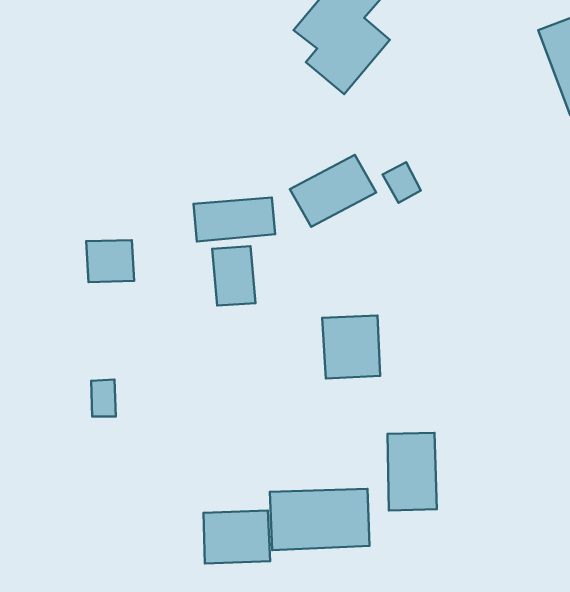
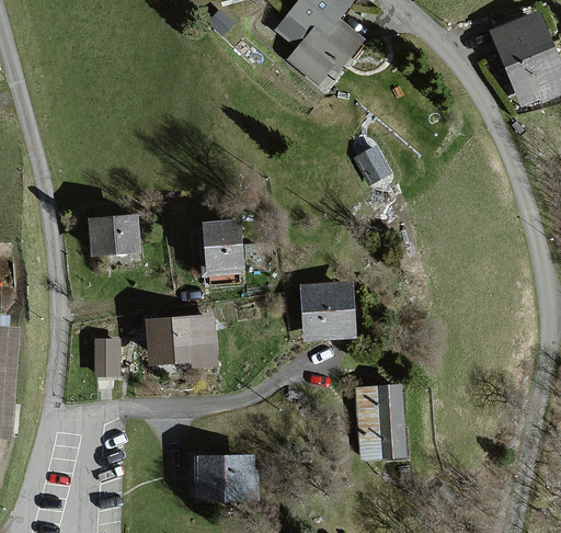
building: [290,155,376,227] -> none
building: [193,197,275,241] -> none
building: none -> [151,318,213,365]
building: [270,489,369,550] -> none

